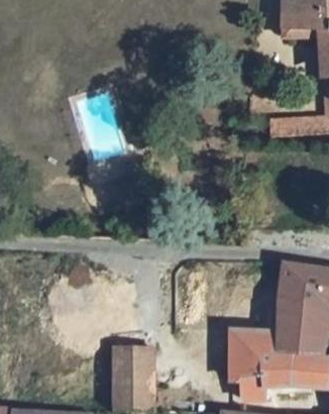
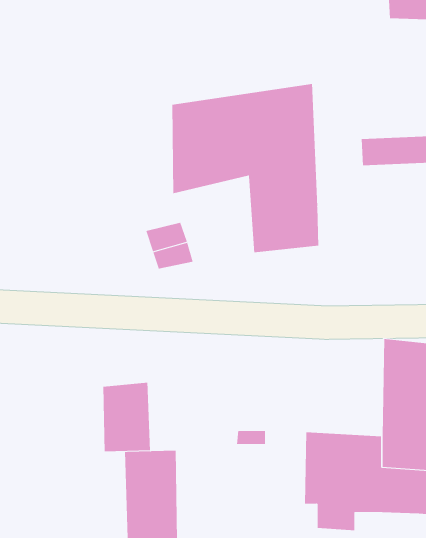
building: none -> [172,83,319,253]
building: none -> [103,382,151,452]

